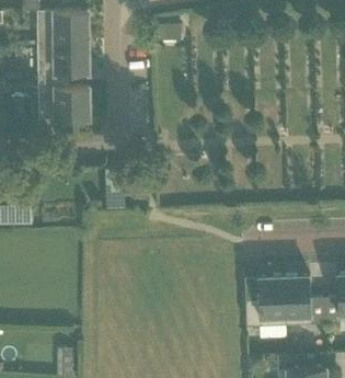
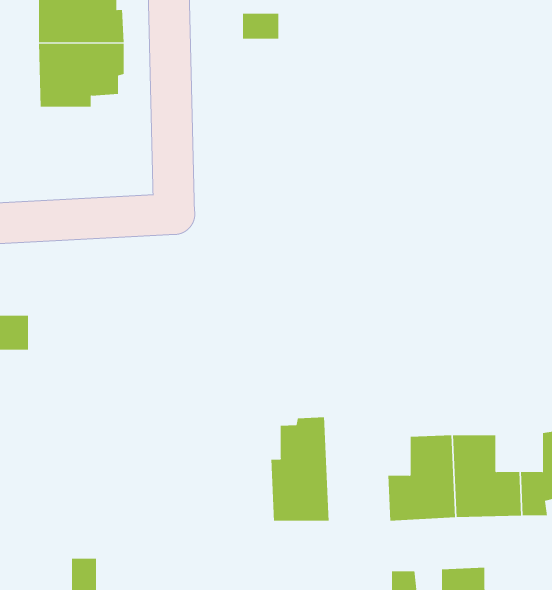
building: [38,80,90,119] -> none
building: none -> [271,417,329,522]

